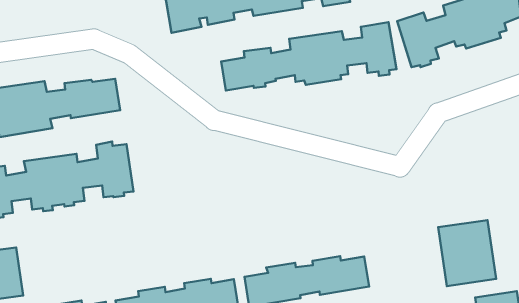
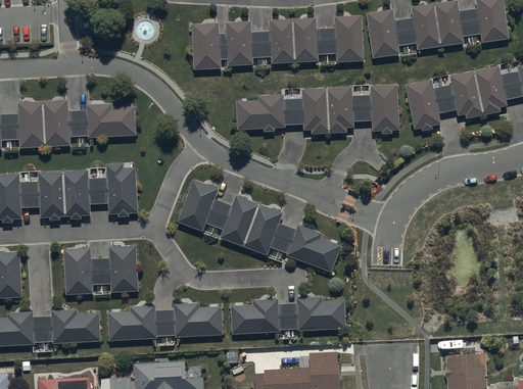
building: none -> [177,181,341,274]
building: [438,220,496,286] -> none
building: none -> [63,246,138,294]

